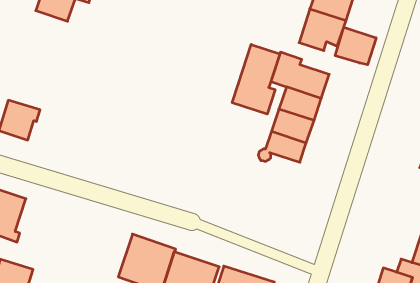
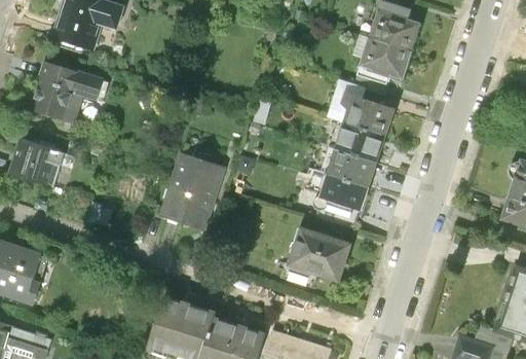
building: [335,27,376,65] -> none
building: none -> [31,62,102,123]
building: [232,44,280,114] -> none
building: none -> [162,156,223,228]
building: none -> [291,228,349,281]

